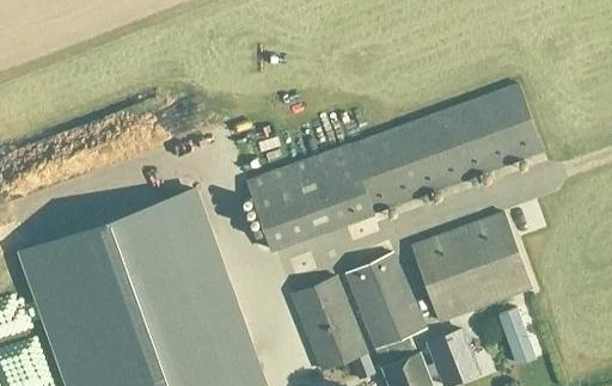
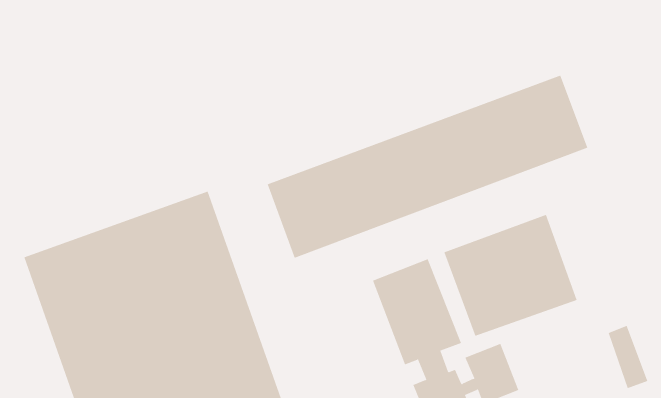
building: [292,277,366,370] -> none
building: [498,307,536,366] -> [608,325,648,389]

